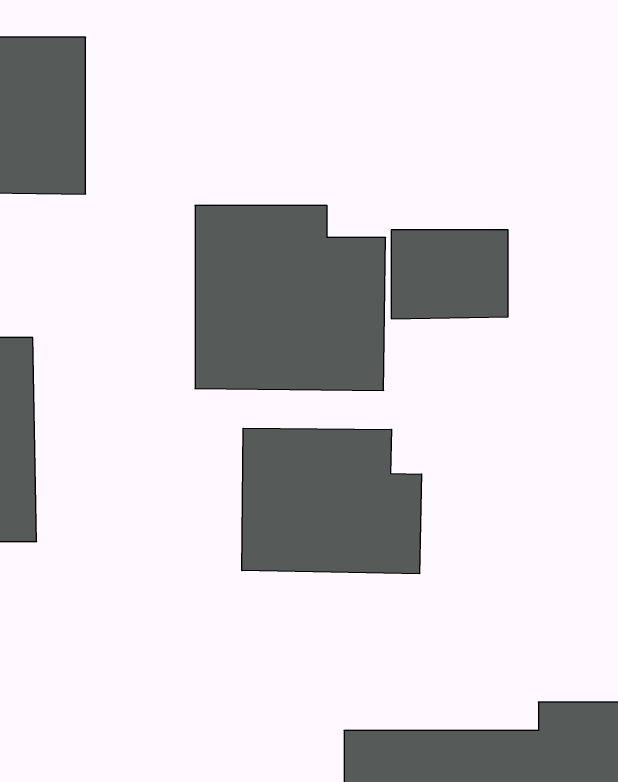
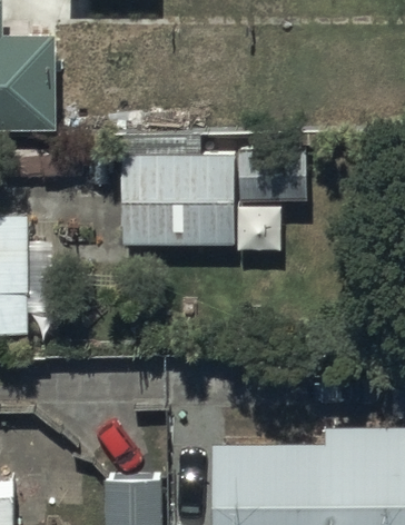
building: [242,428,422,574] -> none

